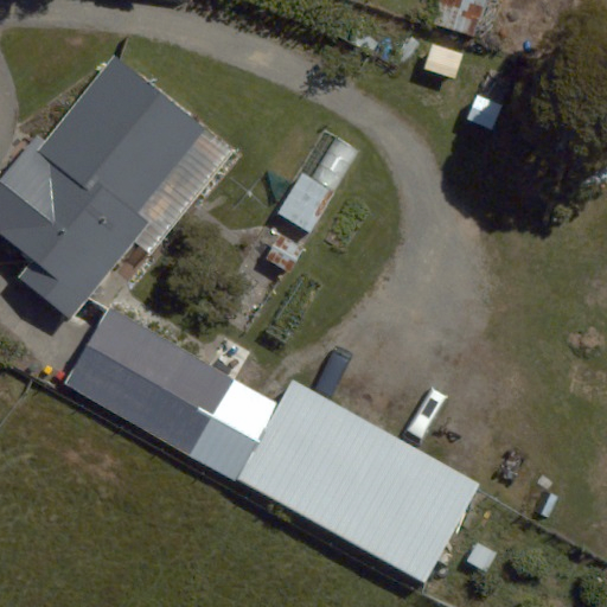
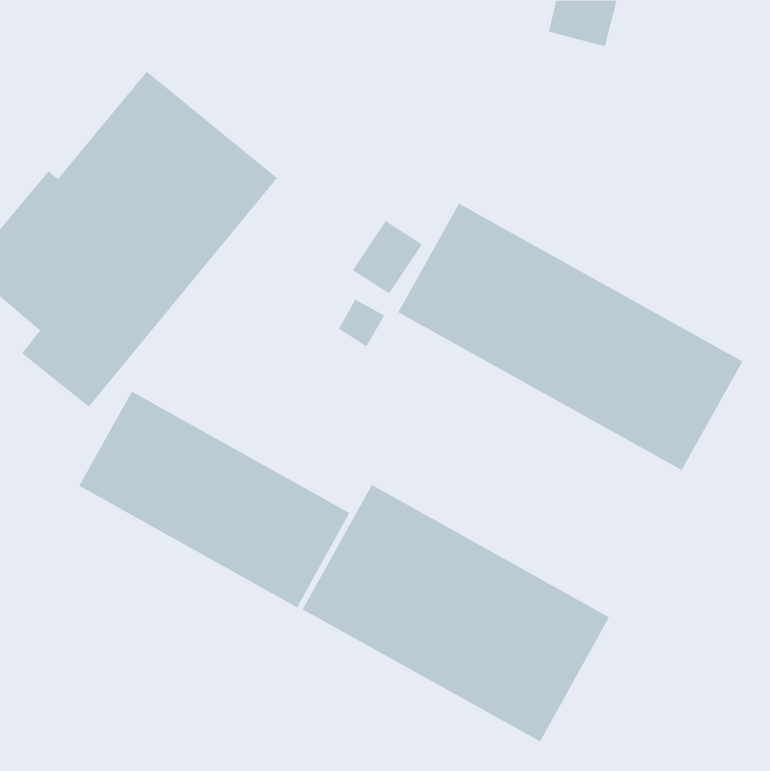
building: none -> [397,203,743,471]

